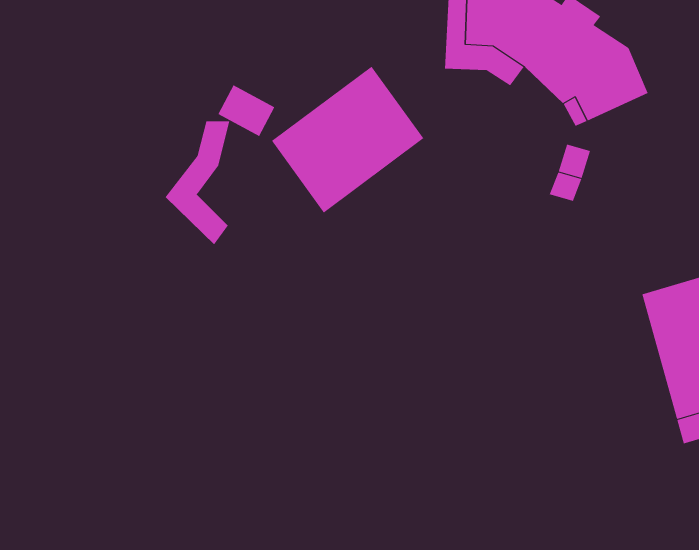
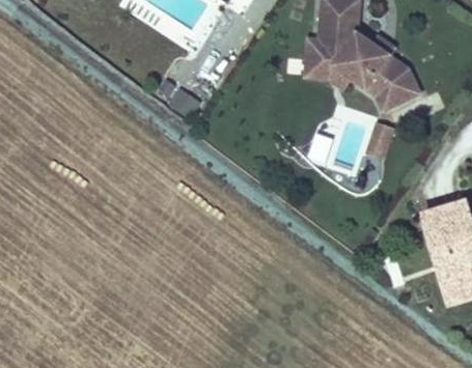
building: [271,66,424,214] -> none
building: [165,121,230,245] -> none

